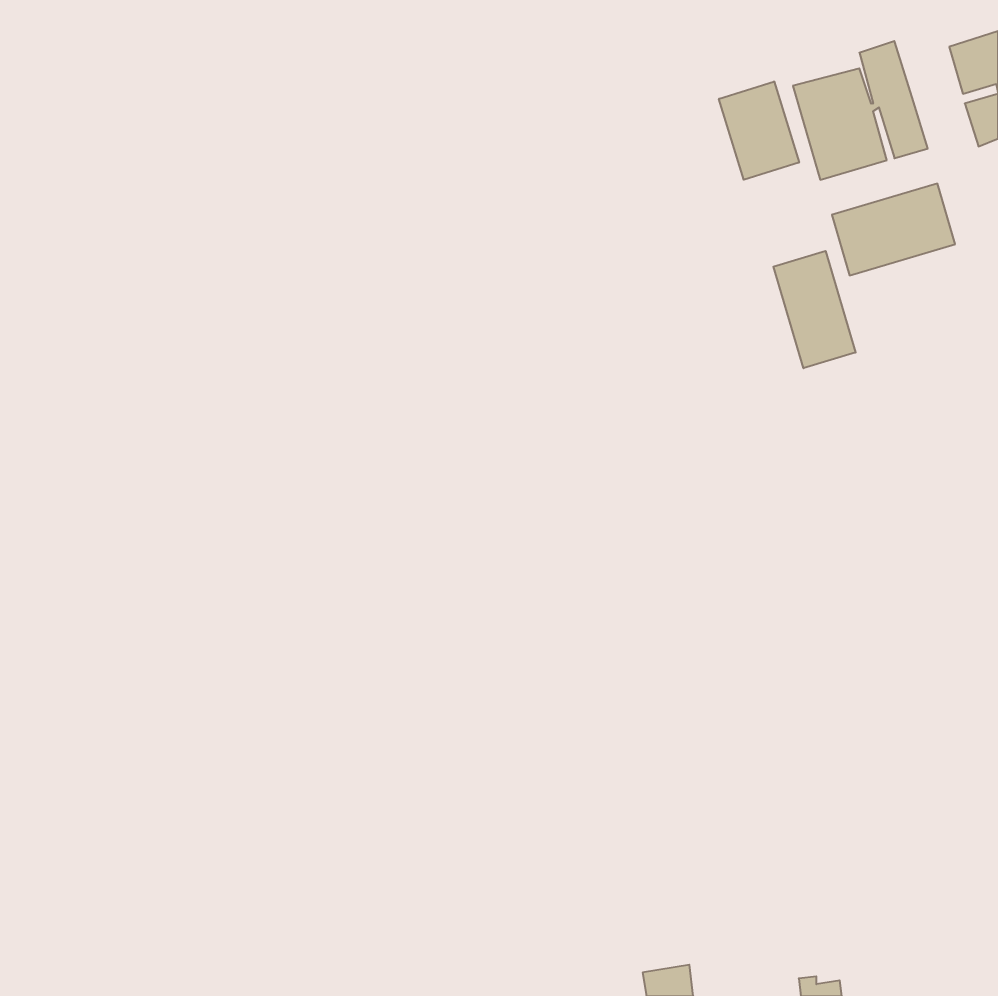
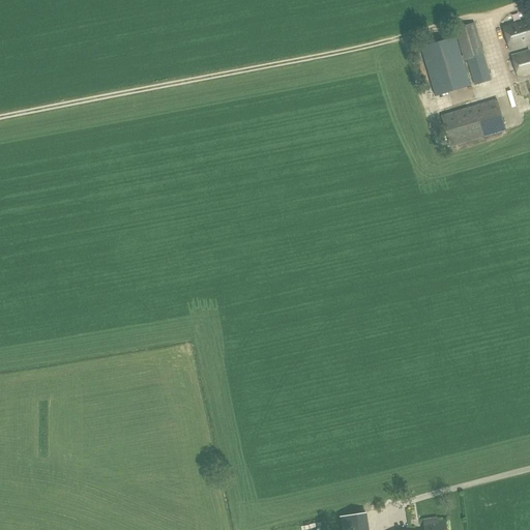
building: [719,81,799,180] -> none
building: [773,251,856,368] -> none

